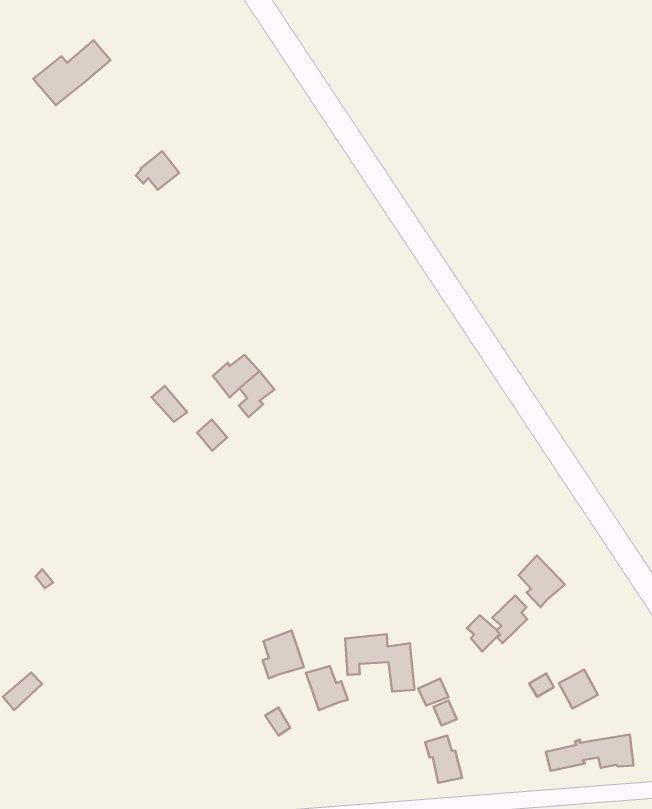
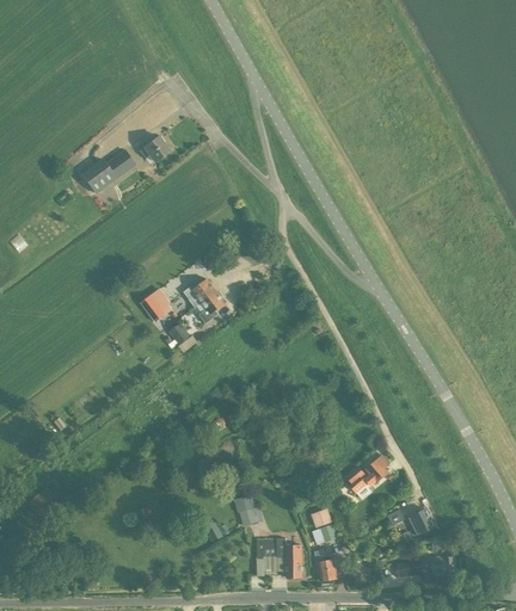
building: [33,40,110,105] -> [80,149,134,192]
building: [519,556,565,607] -> none
building: [262,630,304,678] -> none
building: [345,634,415,691] -> [256,537,301,576]

